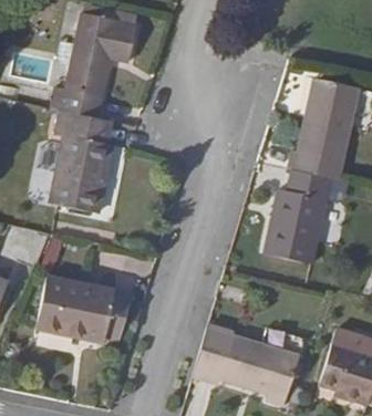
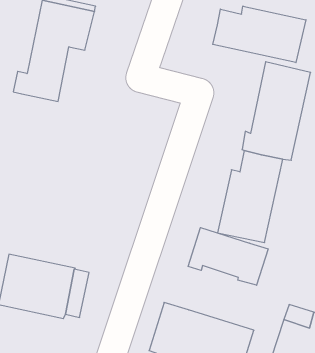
building: none -> [213,6,306,63]
building: [50,110,114,212] -> none
building: none -> [188,228,268,285]

